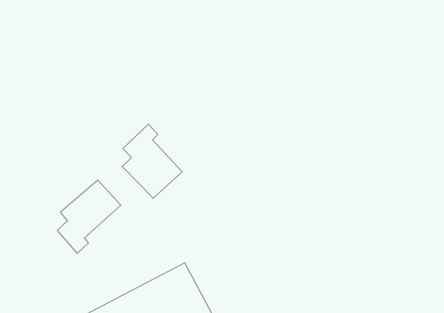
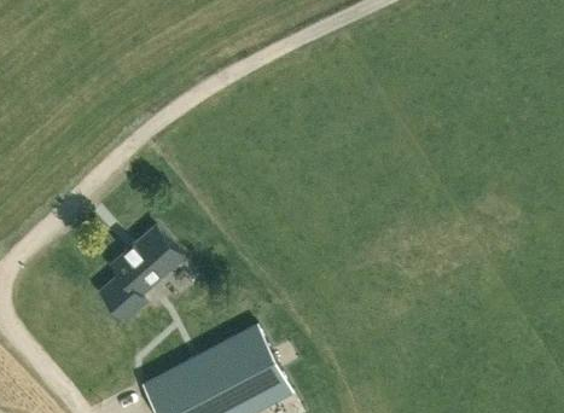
building: [122,124,182,198] -> none

